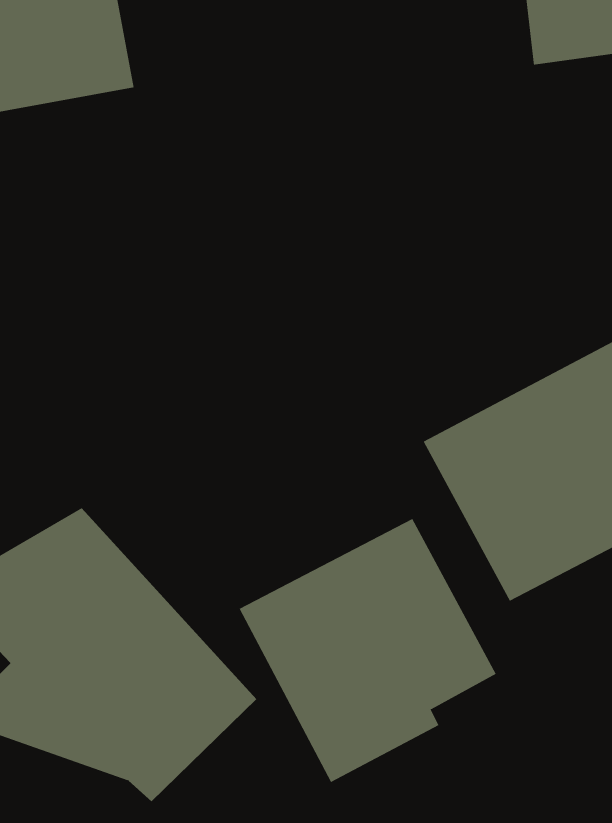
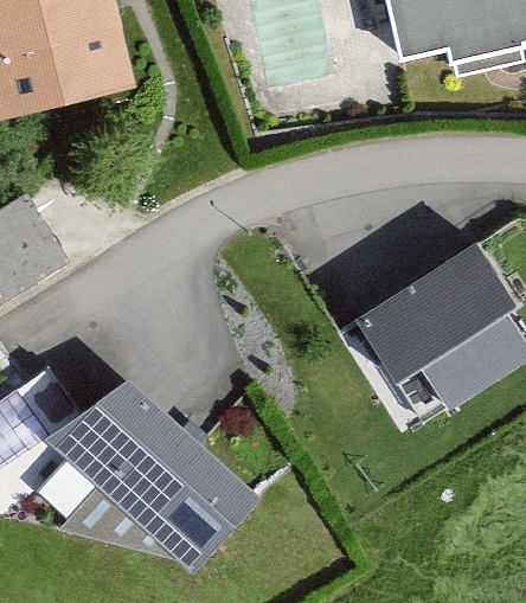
building: [239,518,496,783] -> none

